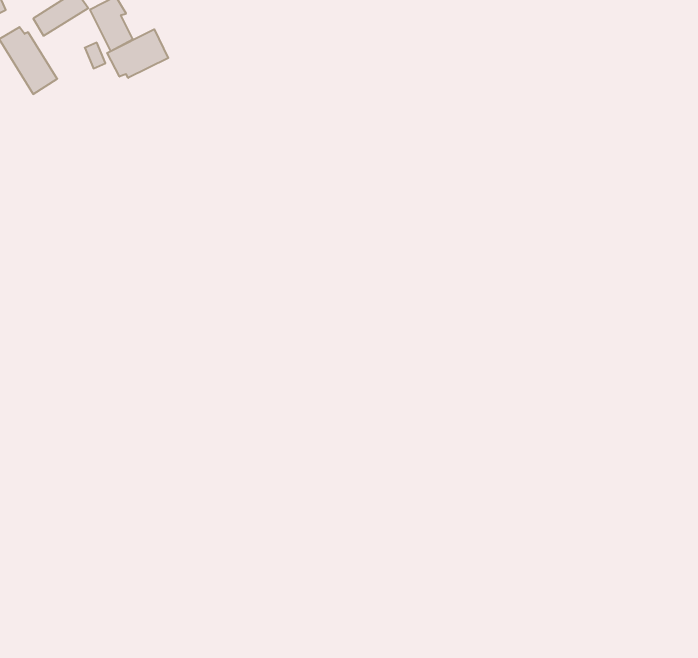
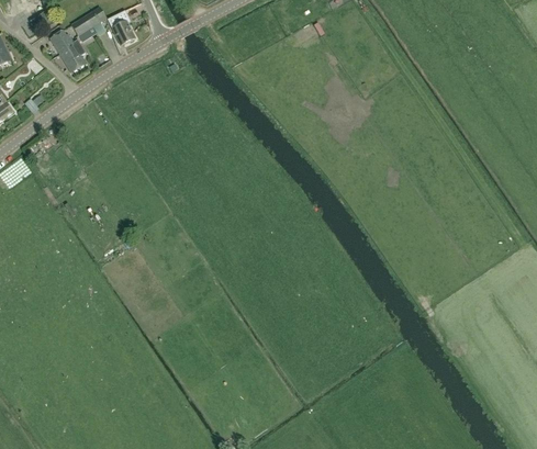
building: [107,29,168,78] -> none

